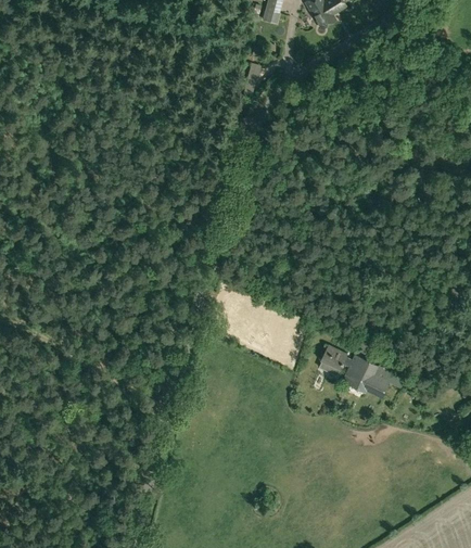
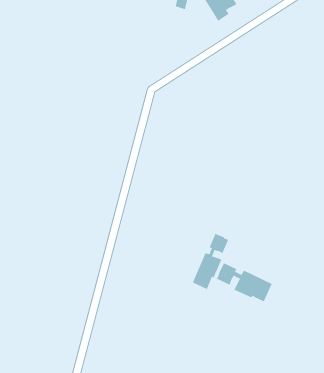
building: none -> [192,233,229,290]

